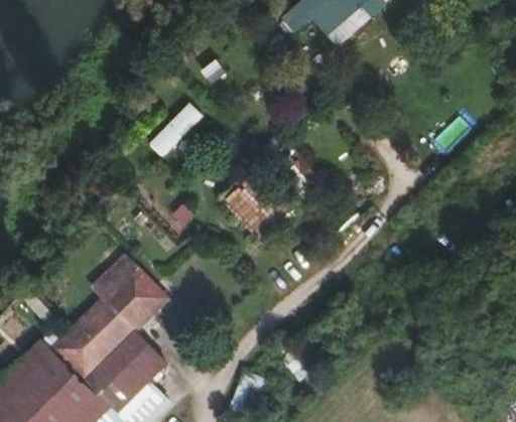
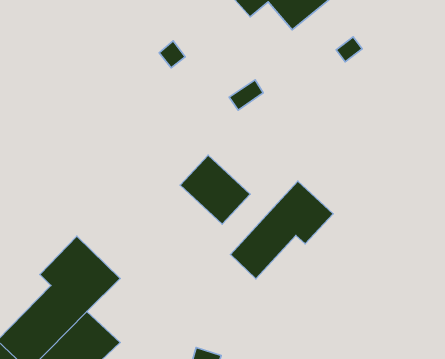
building: [149,101,204,157] -> none
building: none -> [230,181,333,279]

